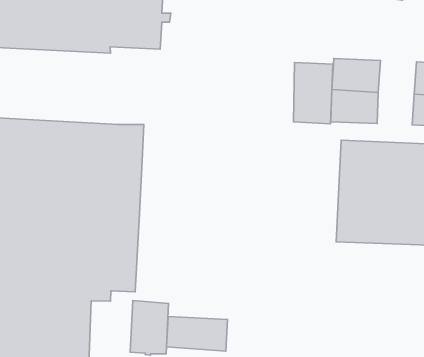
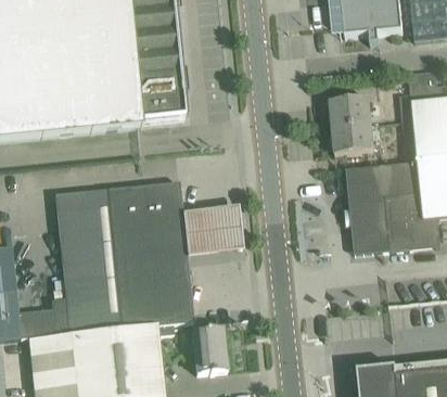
building: [294,62,333,124] -> none
building: none -> [182,203,246,255]
building: [167,317,227,351] -> none

